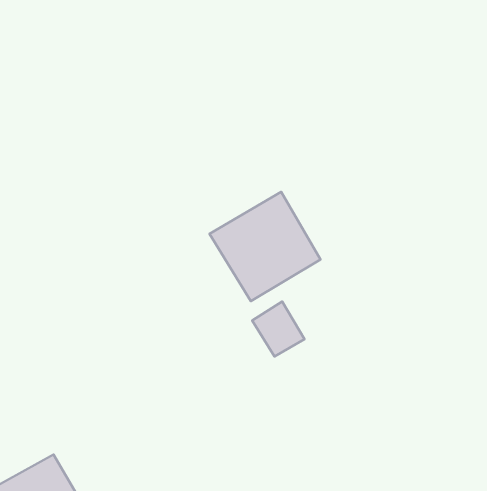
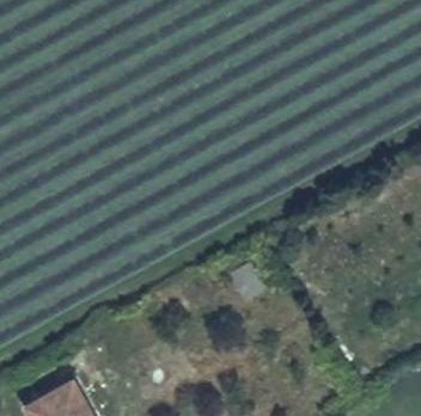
building: [209,192,321,301] -> none

